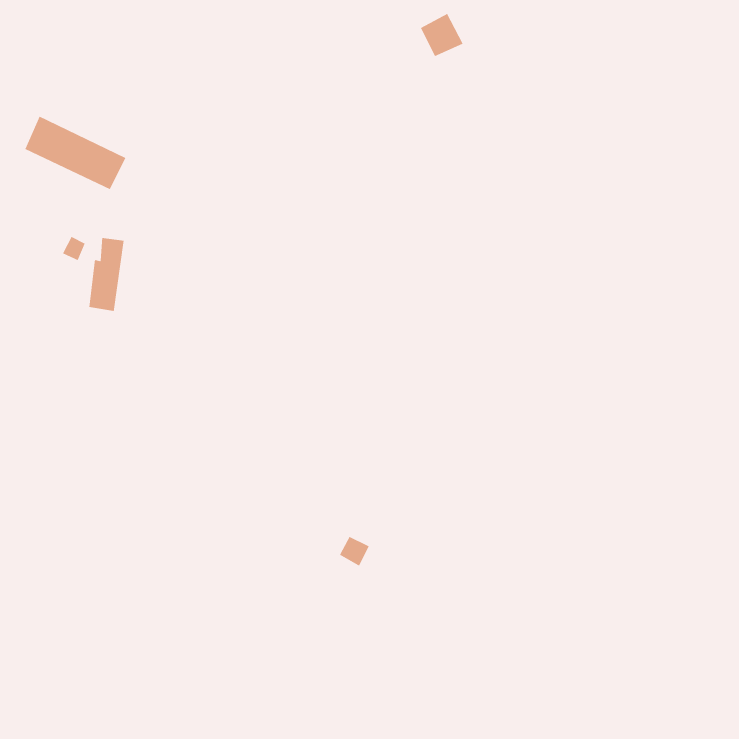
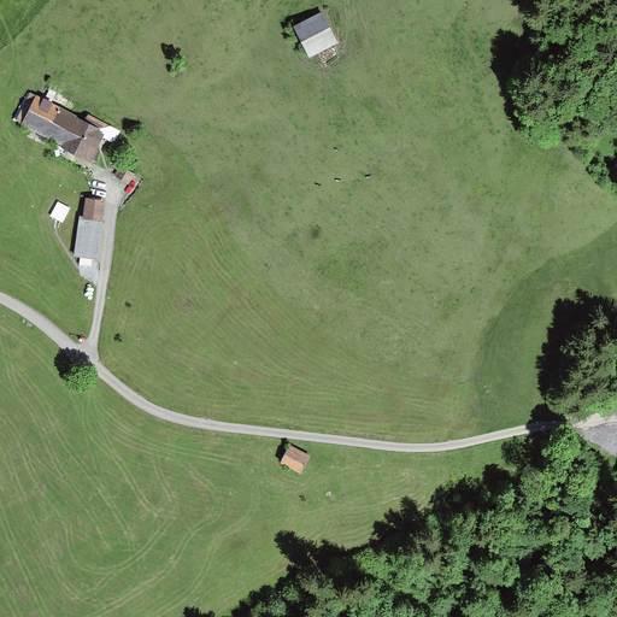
building: [420,13,463,57] -> [296,16,333,52]

